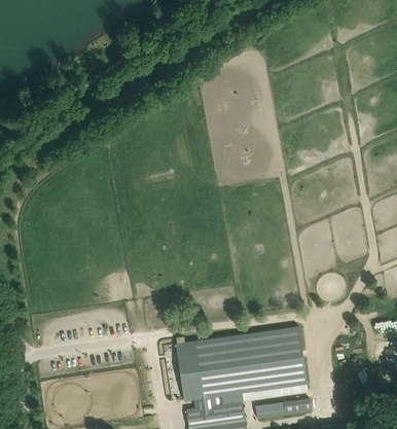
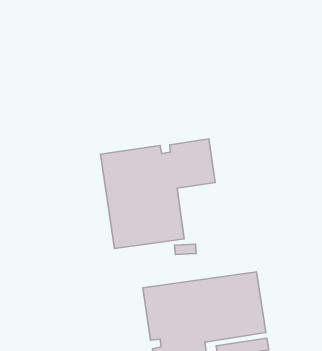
building: none -> [101,139,215,249]

